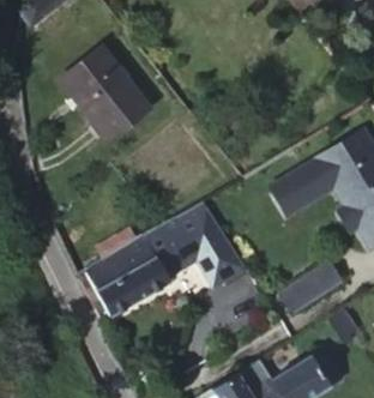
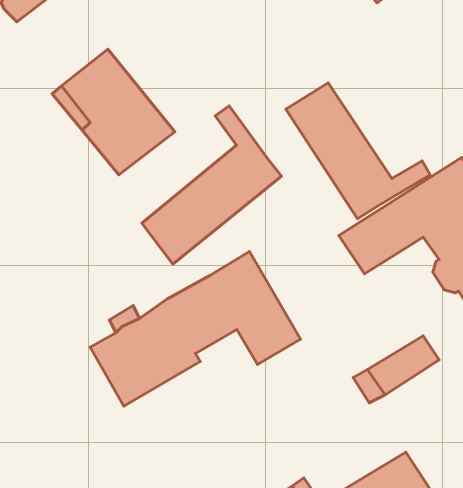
building: none -> [286,83,430,219]
building: none -> [142,106,282,264]

